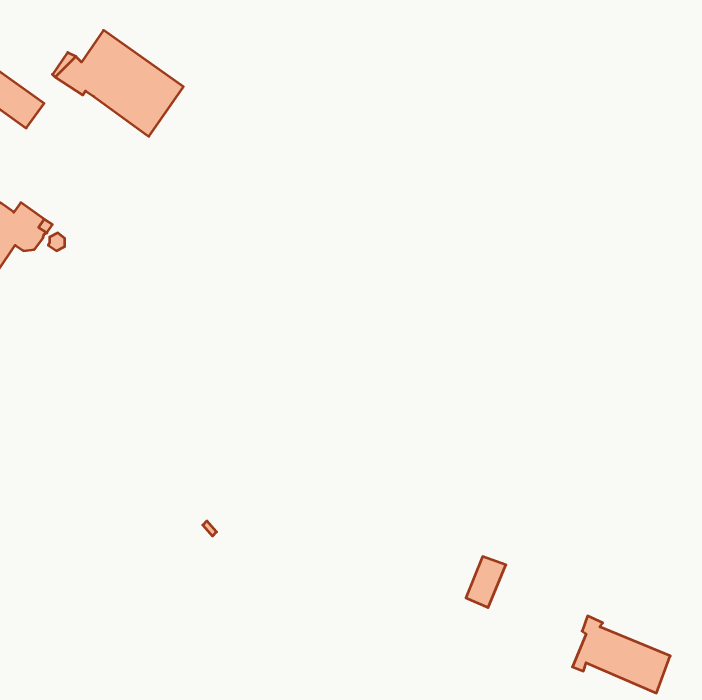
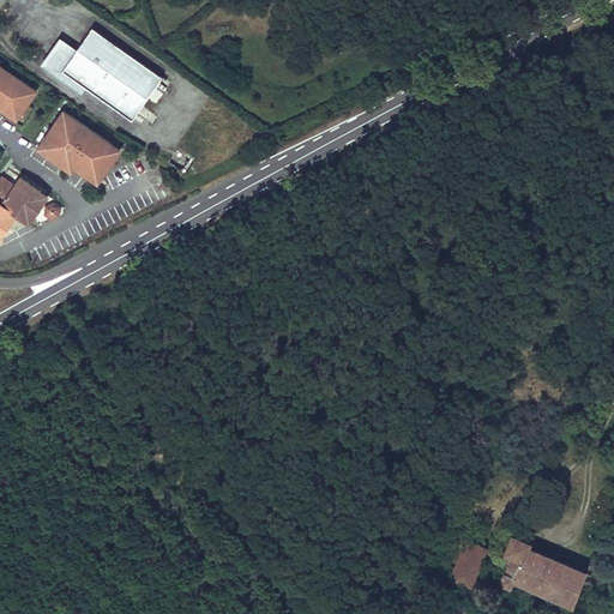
building: none -> [43,108,125,180]
building: [466,557,506,608] -> [449,543,483,588]

